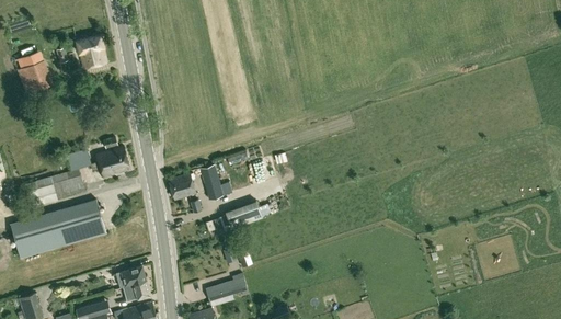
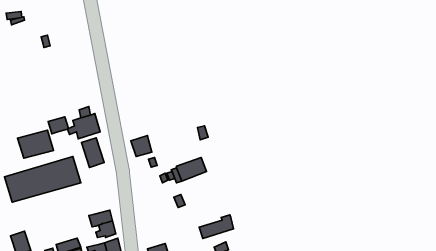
building: [76,34,106,68] -> none
building: [18,49,54,94] -> none
building: [201,164,231,201] -> none
building: none -> [82,138,104,167]
building: [205,273,248,303] -> [199,215,233,239]

